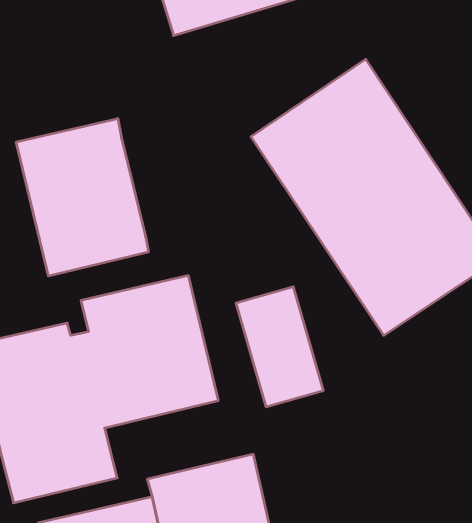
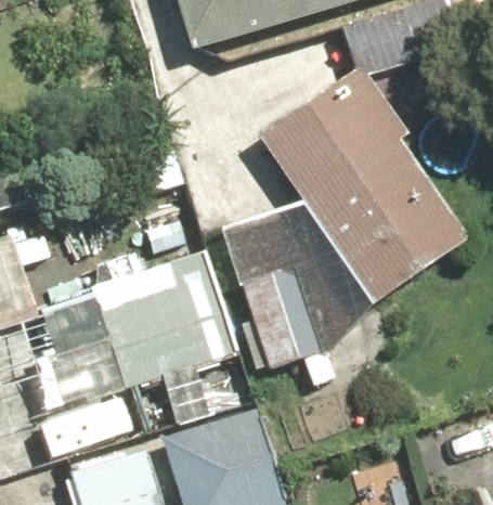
building: [16,118,148,276] -> none

